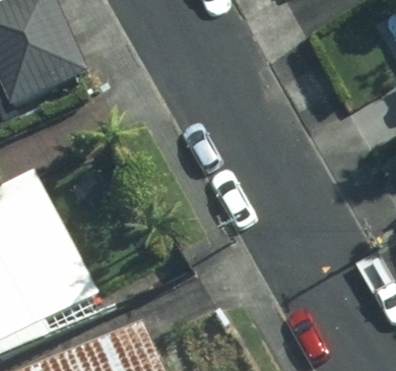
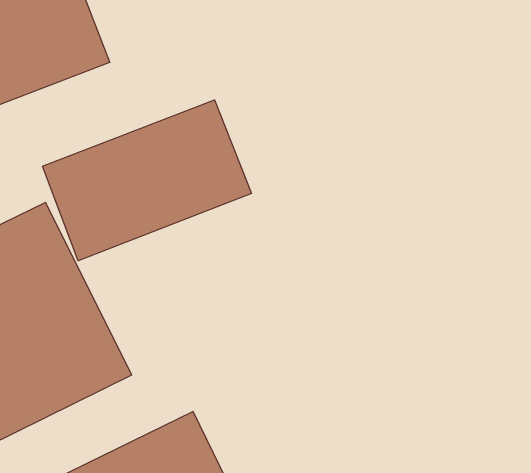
building: none -> [42,100,251,261]

